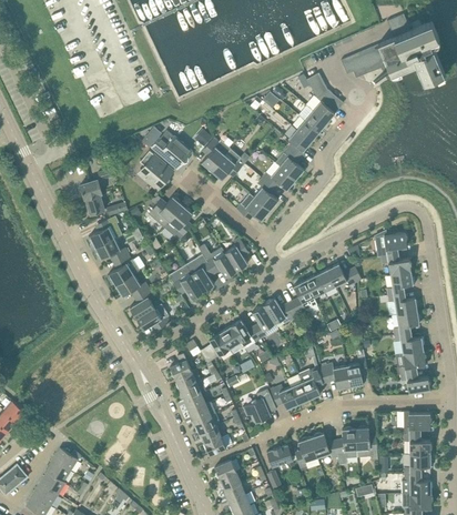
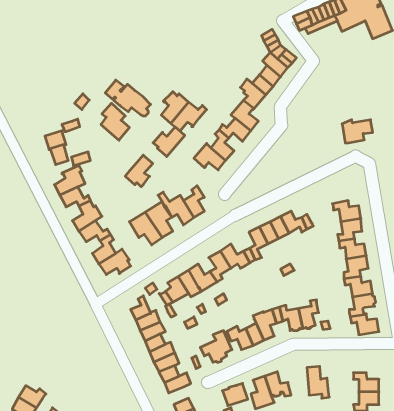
building: [150,195,183,226] -> [153,127,185,157]
building: [375,231,407,255] -> [342,120,373,143]
building: [404,411,430,433] -> none
building: [335,427,357,464] -> none

